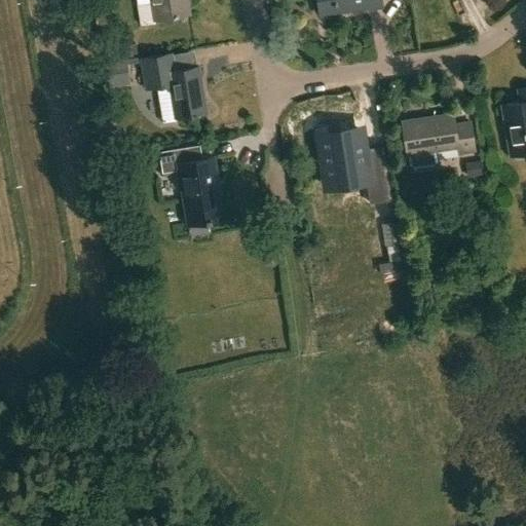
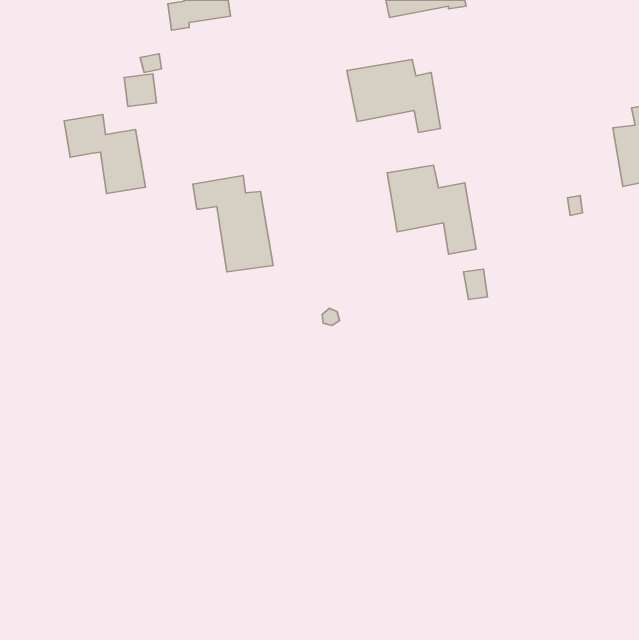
building: none -> [347,59,440,133]
building: [141,52,208,117] -> [64,114,145,193]
building: [404,113,475,166] -> none

